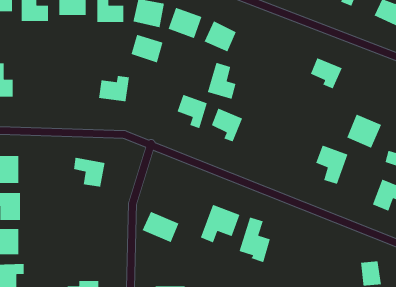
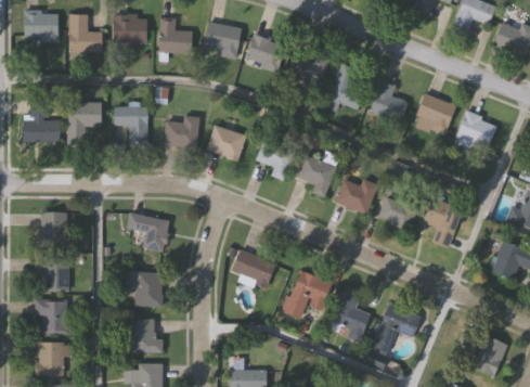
building: [130,34,164,64] -> [206,126,246,162]
building: none -> [370,80,409,124]
building: [207,62,237,100] -> [328,64,364,109]
building: none -> [68,103,102,146]
building: none -> [114,106,147,146]
building: [346,114,382,149] -> [454,112,497,154]
building: none -> [335,173,377,215]
building: none -> [378,198,417,230]
building: none -> [127,272,163,307]
building: [142,211,179,243] -> [230,249,275,288]
building: none -> [372,306,421,358]
building: none -> [129,320,163,353]

